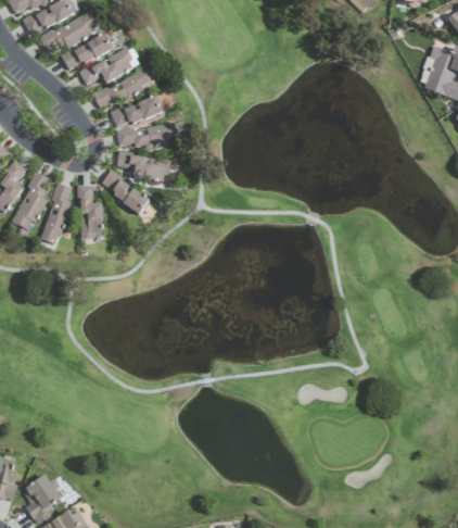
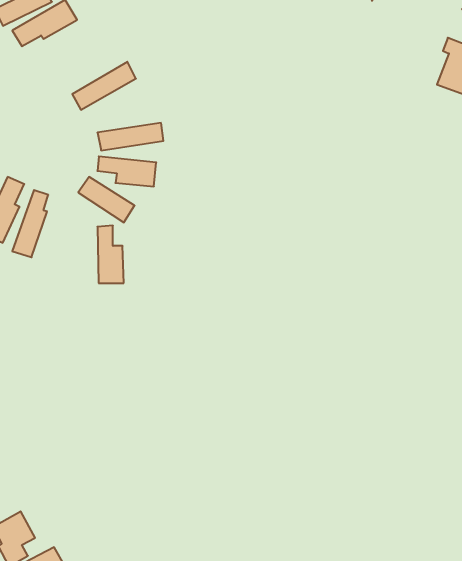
building: [61,33,113,72] -> none
building: [79,47,138,85] -> none
building: [110,96,163,129] -> none
building: [78,185,102,237] -> [97,226,124,283]

